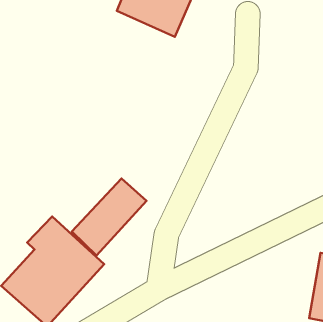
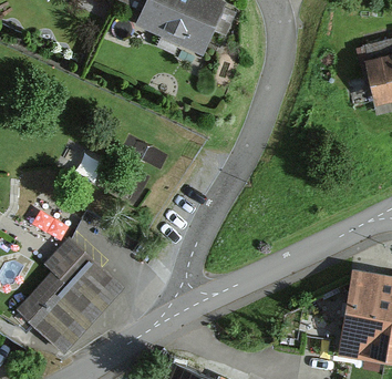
building: [72,179,146,255] -> none

